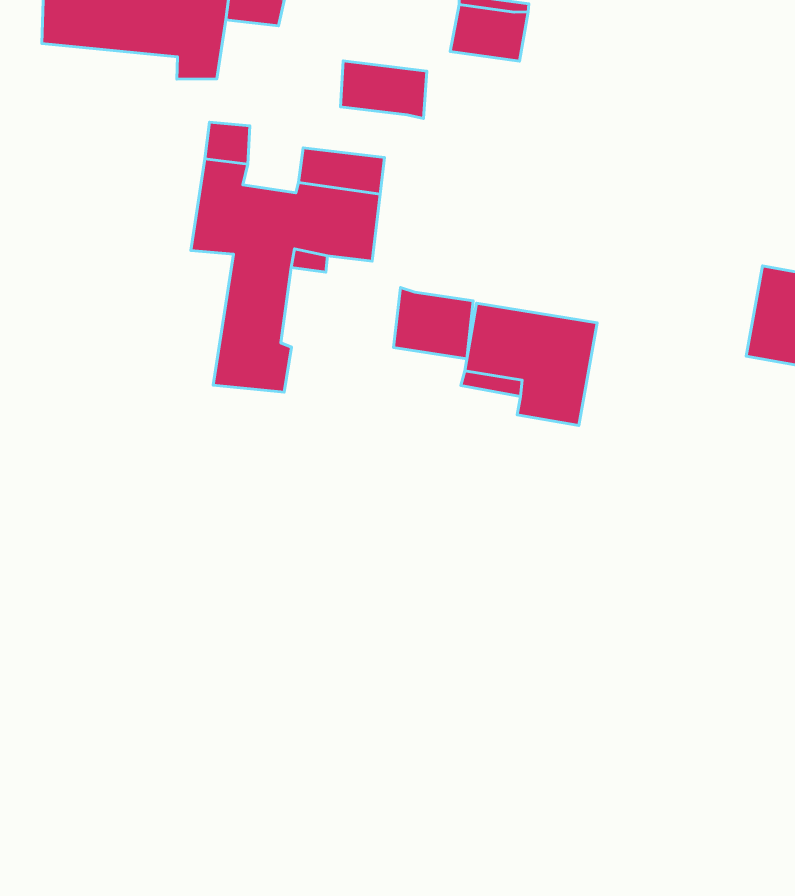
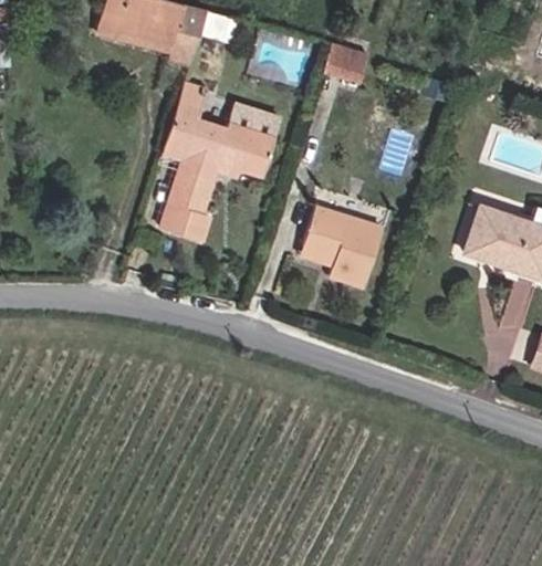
building: [341,61,427,119] -> none
building: [393,288,473,359] -> none

